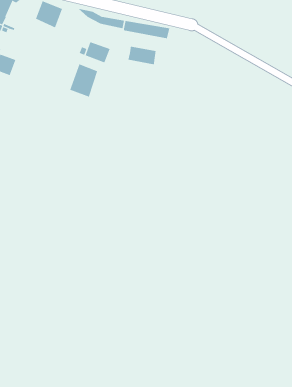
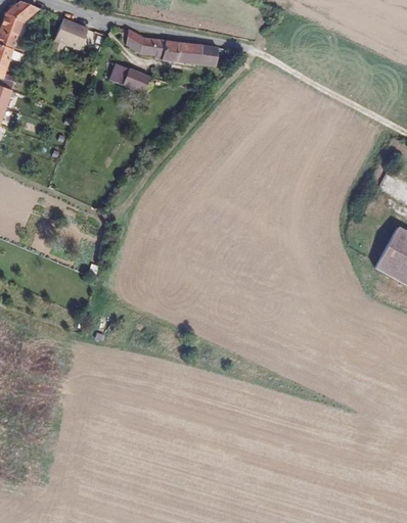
building: [128,46,156,65] -> none
building: [70,63,98,97] -> none

